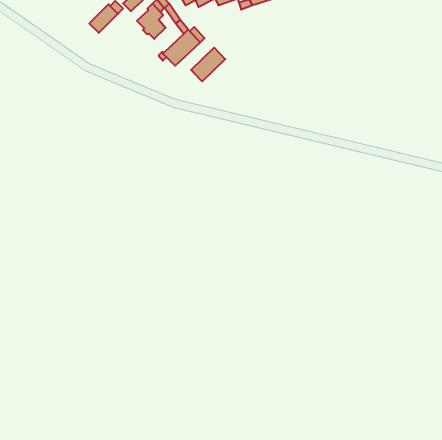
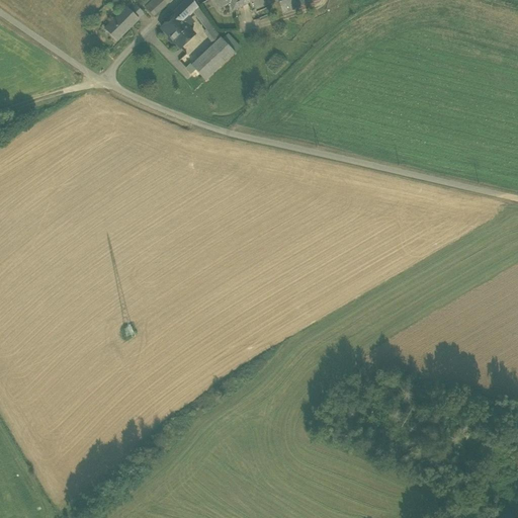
building: [191,48,225,81] -> none

